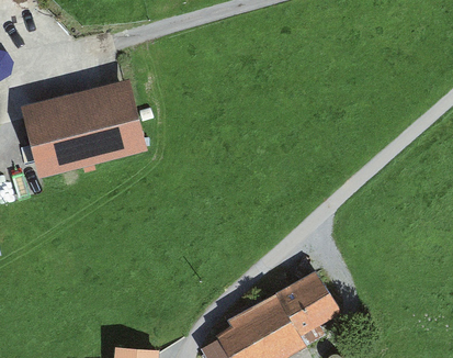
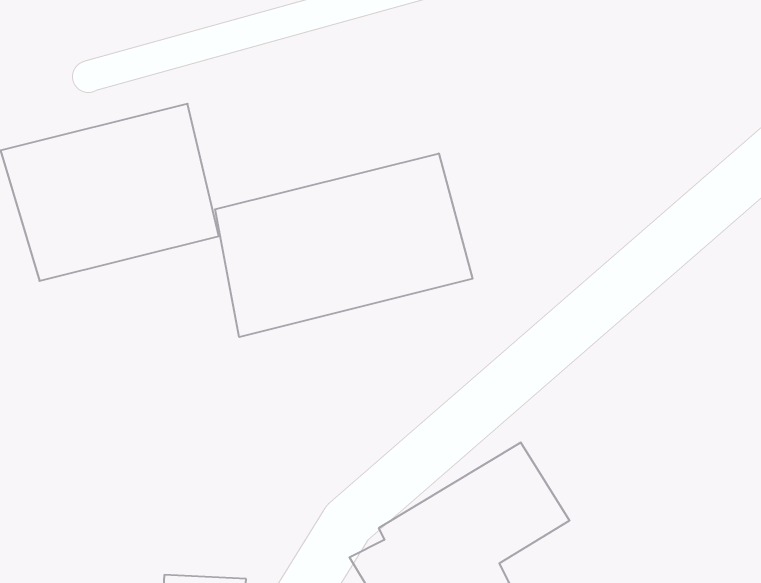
building: none -> [215,153,473,337]

